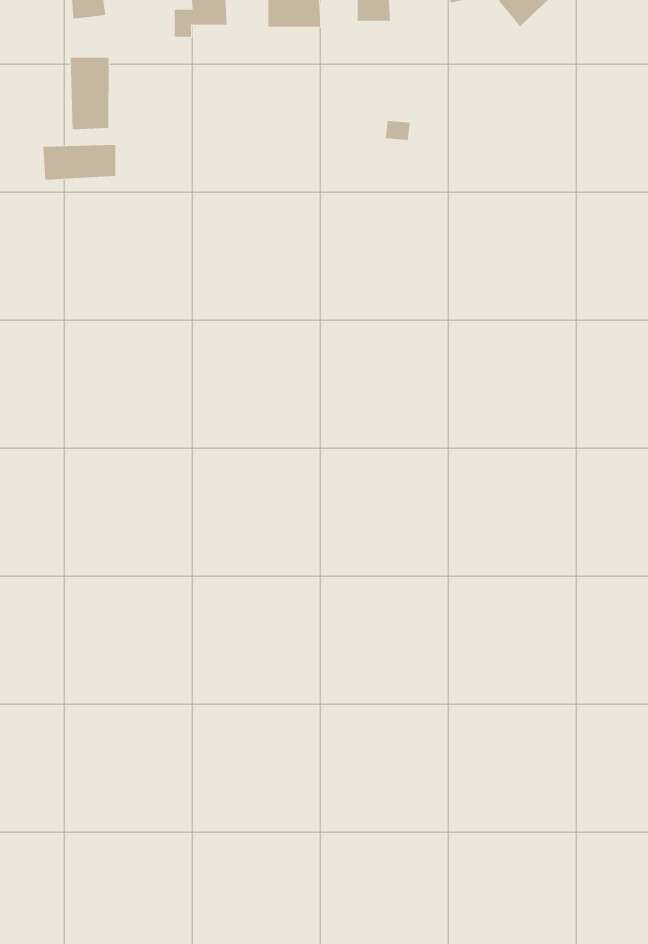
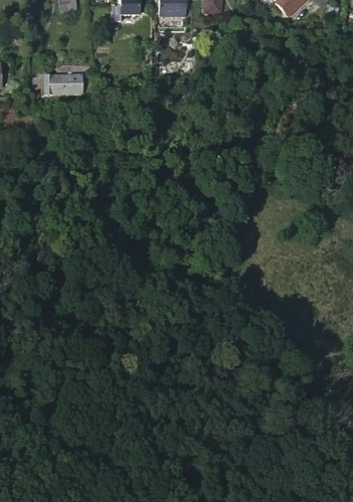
building: [70,57,109,130] -> none

